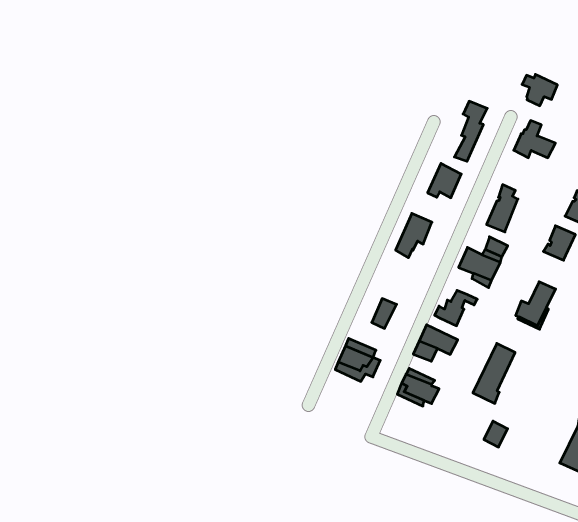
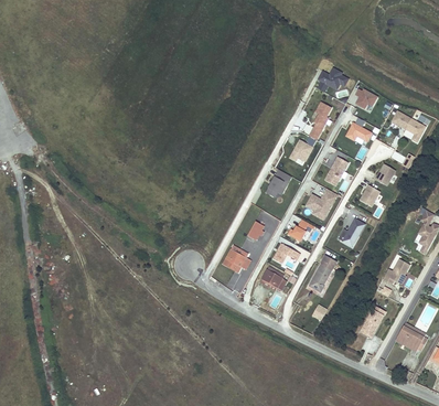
building: none -> [318,67,349,92]

